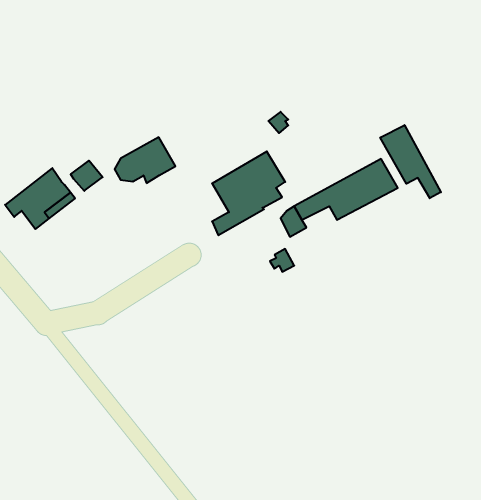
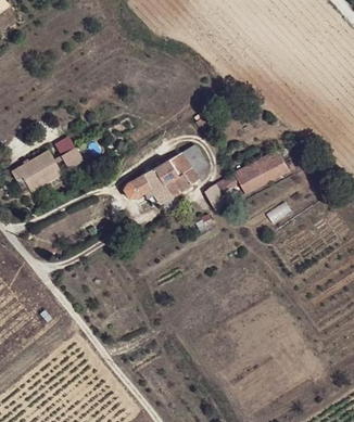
building: [380,125,441,198] -> none
building: [115,137,175,183] -> [125,166,168,199]

